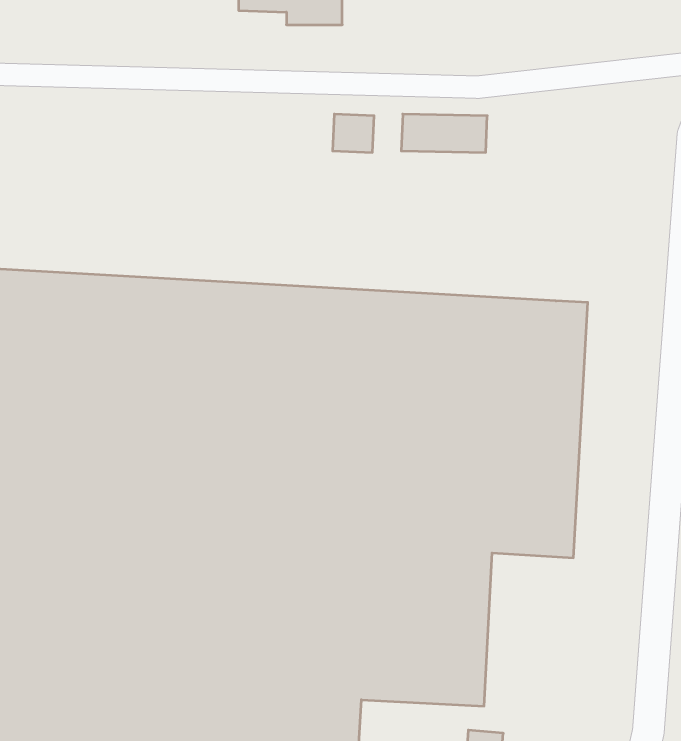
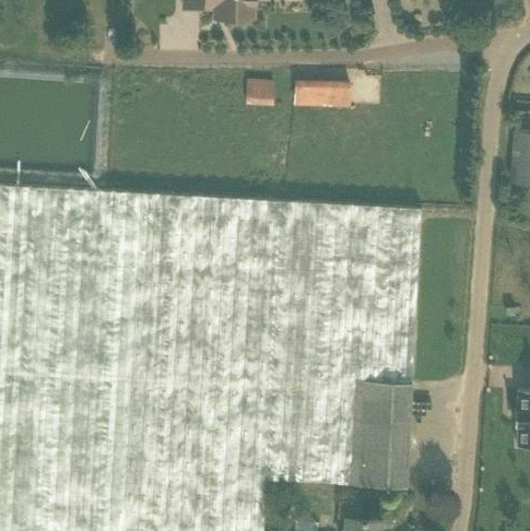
building: none -> [350,380,411,488]

